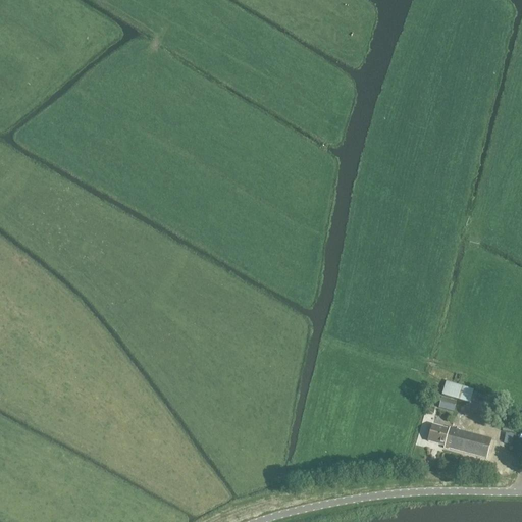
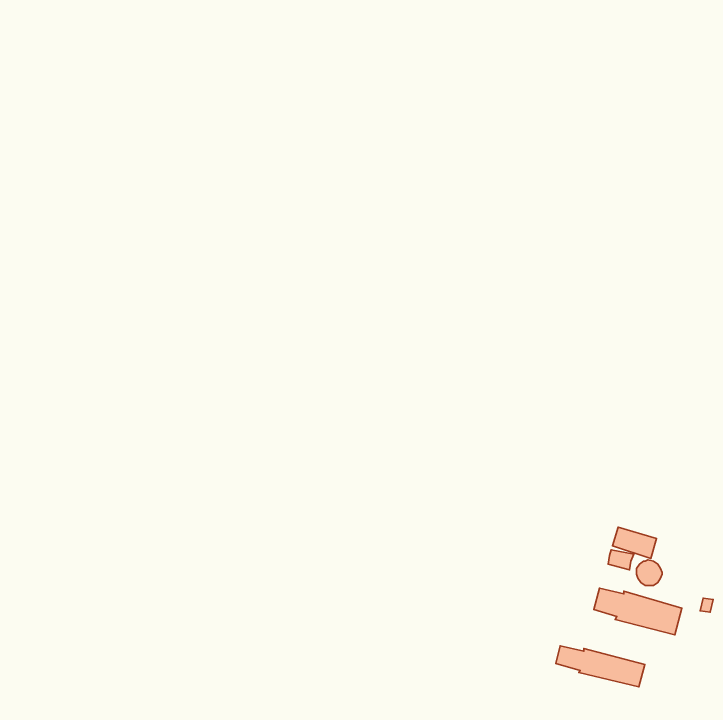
building: none -> [556,646,645,687]

